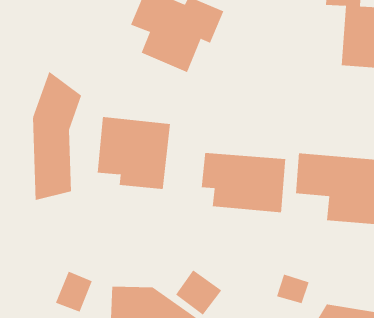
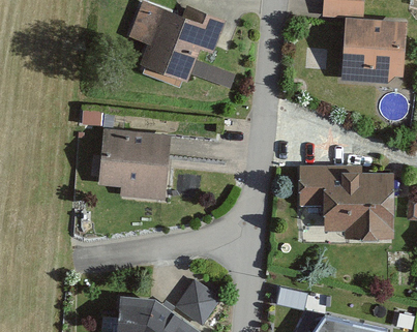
building: [33,71,82,201] -> none
building: [201,152,286,213] -> none
building: [55,271,92,312] -> none

